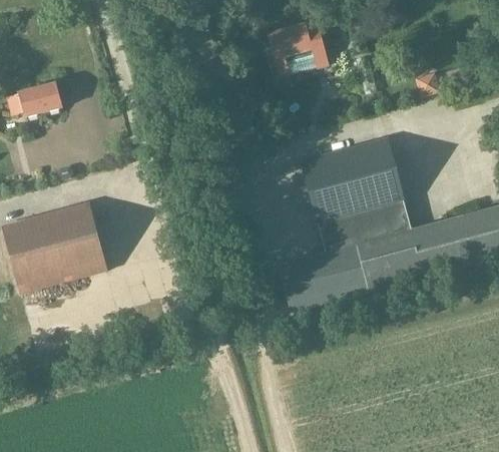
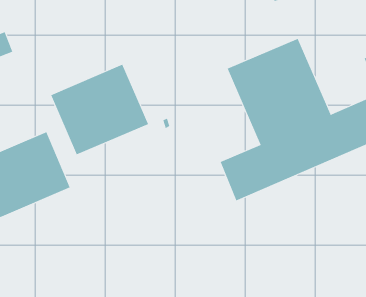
building: none -> [50,64,149,155]

